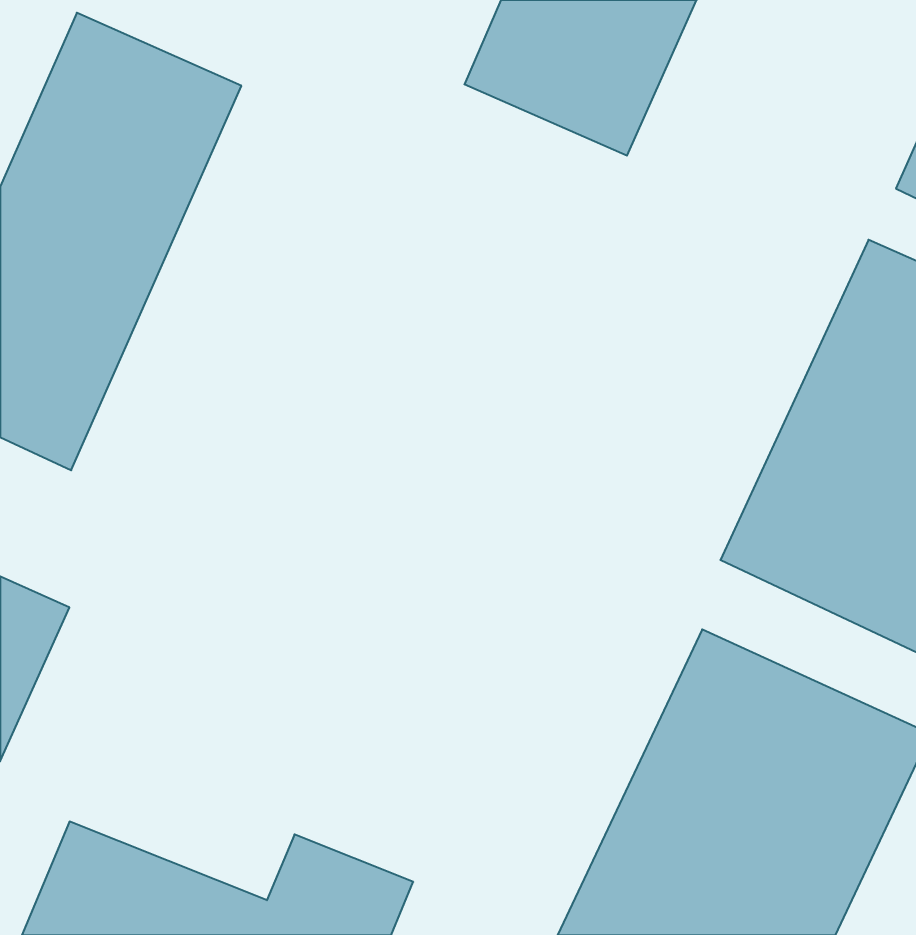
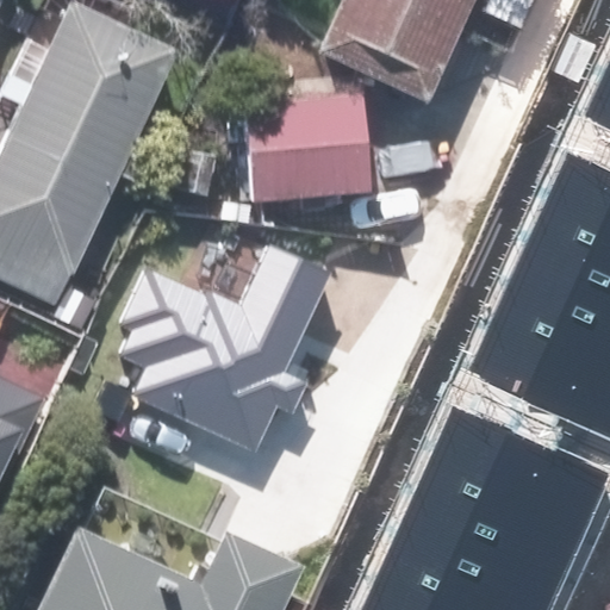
building: none -> [238,95,362,211]
building: none -> [131,239,343,444]

